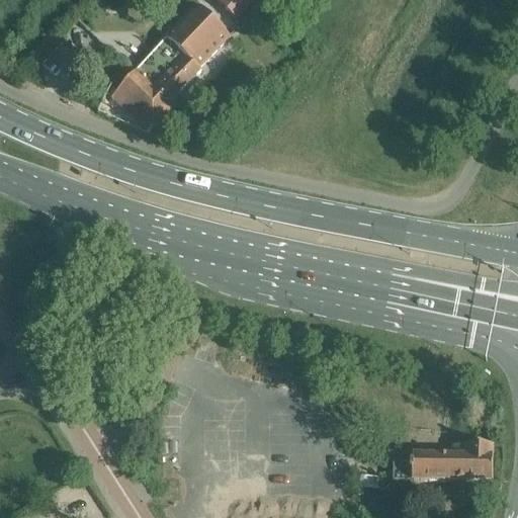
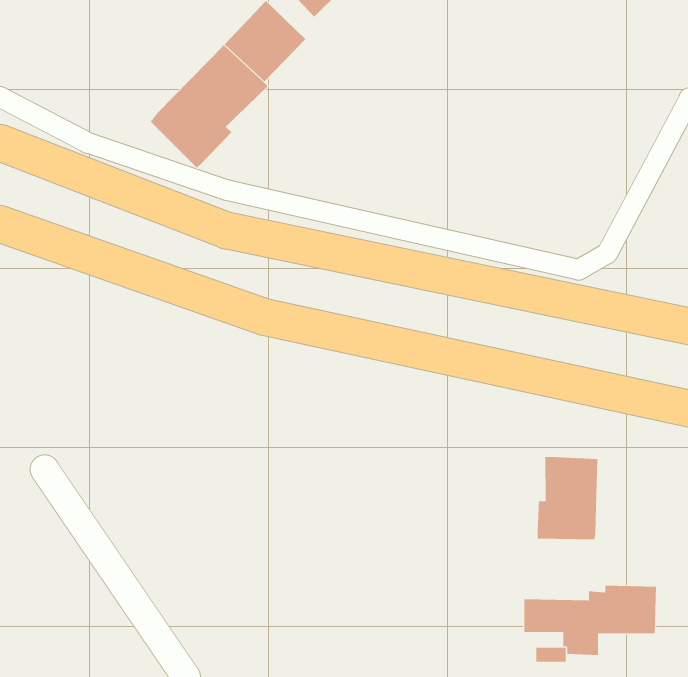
building: none -> [537,456,598,540]

